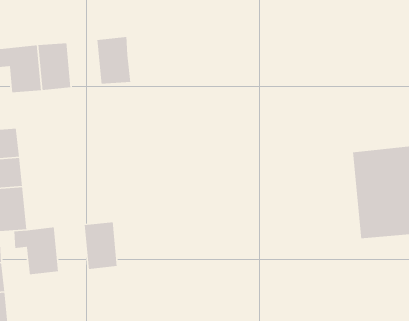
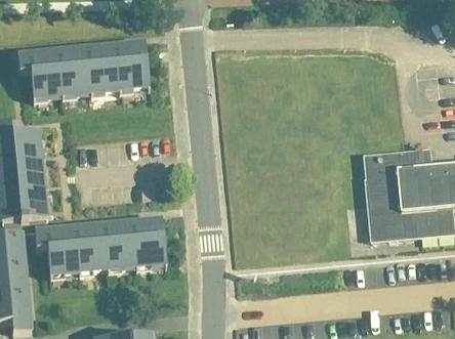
building: none -> [86,43,119,90]
building: none -> [131,217,165,264]
building: none -> [74,223,107,269]

